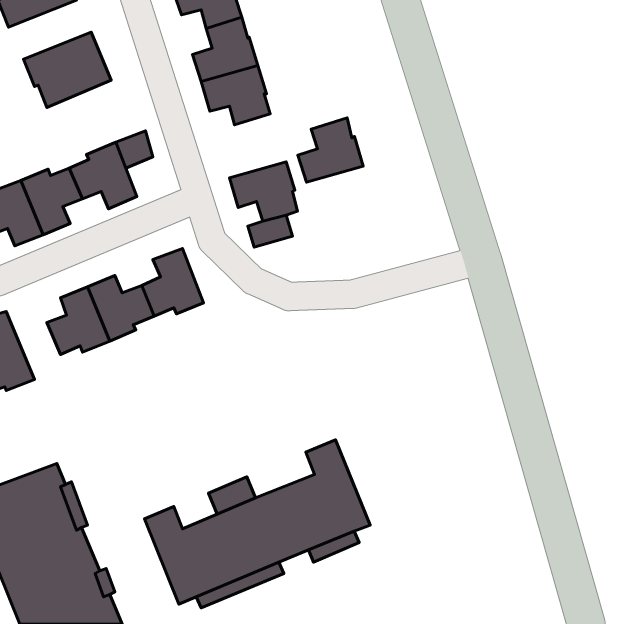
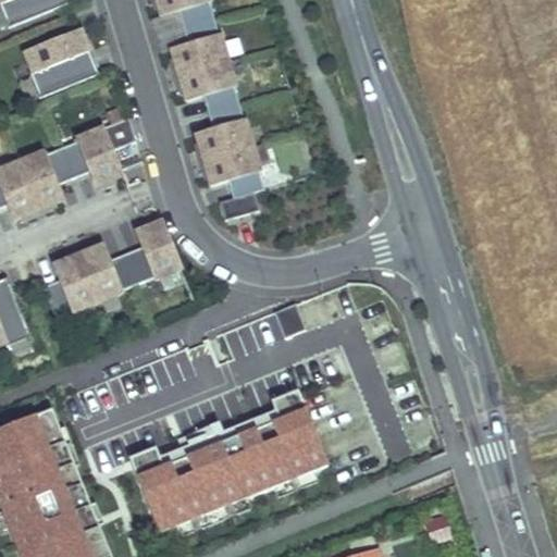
building: [298,118,363,182] -> [195,100,252,157]

